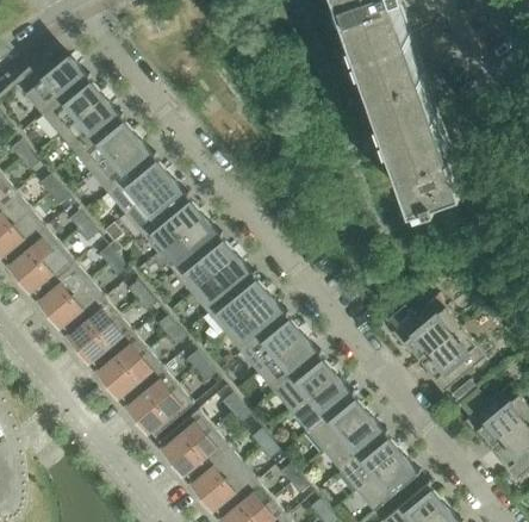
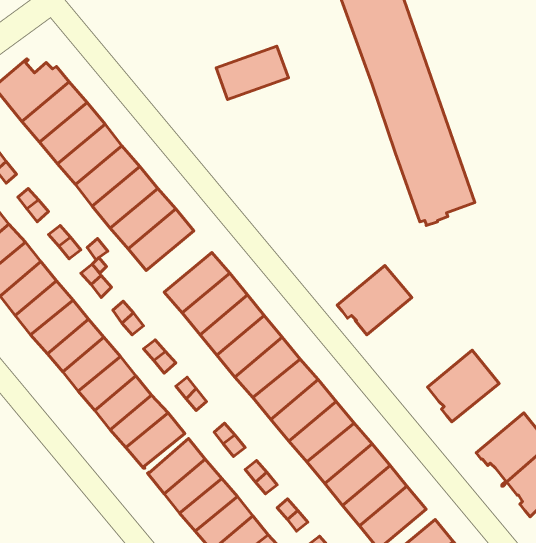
building: none -> [216,46,288,99]
building: [158,217,219,274] -> none
building: [392,298,461,362] -> [337,265,412,335]

